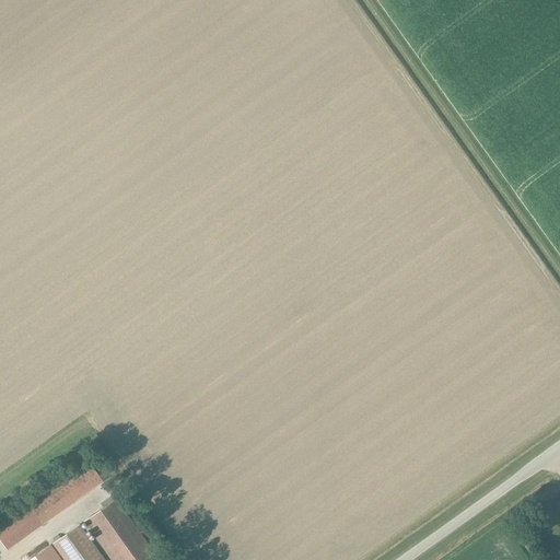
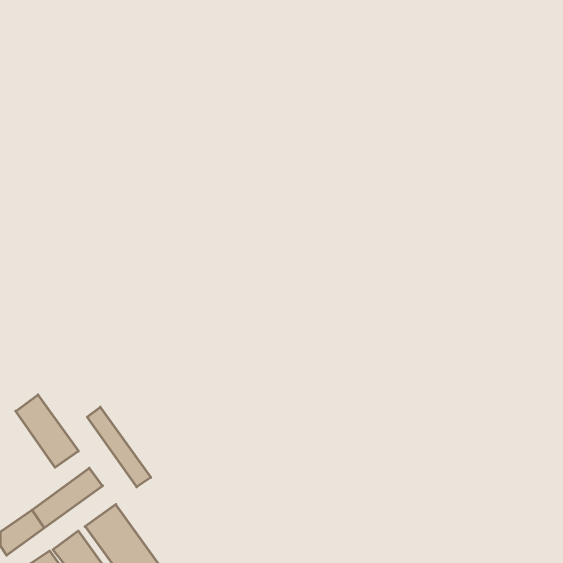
building: none -> [16,395,78,467]
building: none -> [87,407,151,487]

